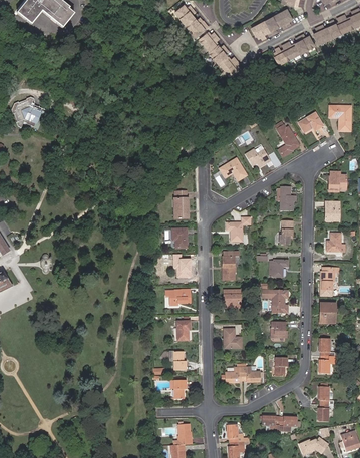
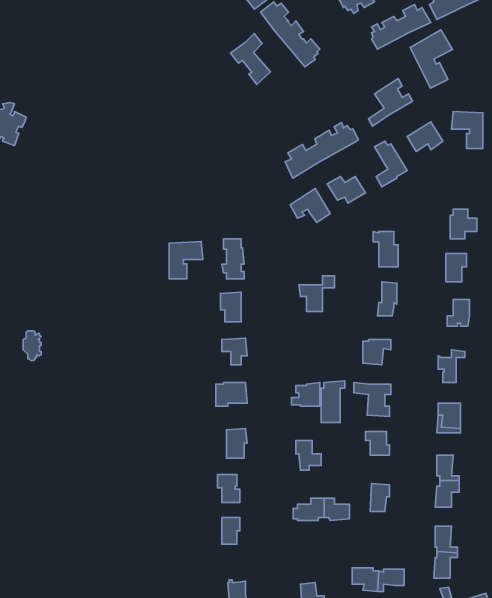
building: none -> [410,30,453,88]
building: none -> [231,33,271,84]
building: none -> [369,79,413,126]
building: none -> [285,123,358,178]
building: none -> [169,242,203,279]
building: [222,251,238,279] -> [321,381,345,422]

